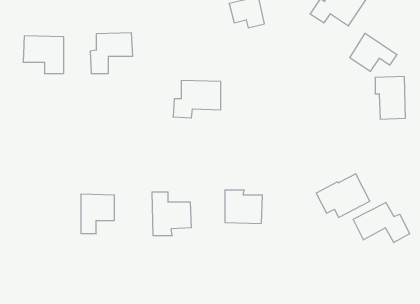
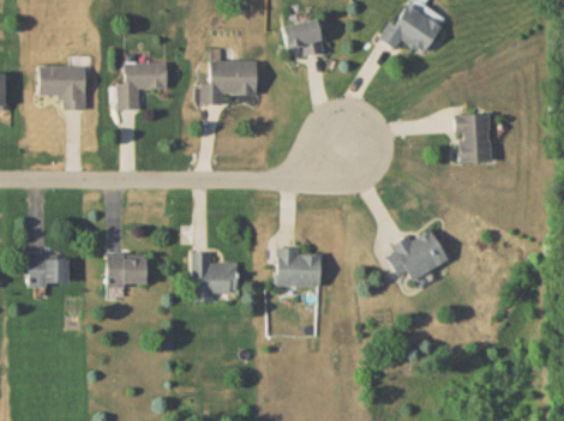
building: [350,33,397,71] -> none
building: [173,80,221,118] -> [200,61,257,106]
building: none -> [28,252,68,288]
building: [353,202,410,243] -> none

